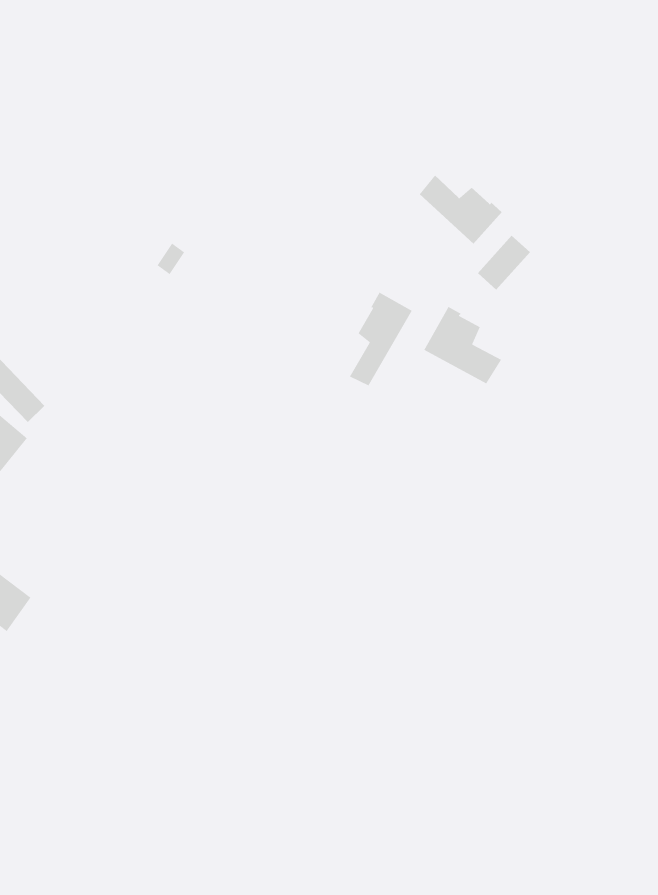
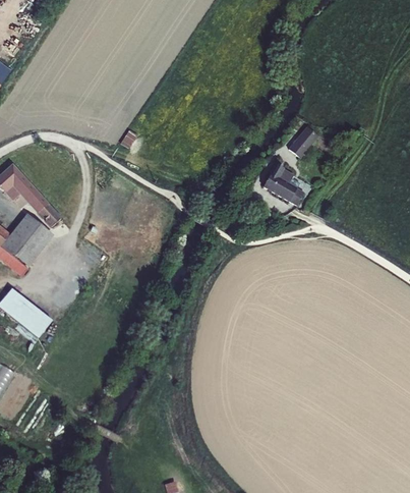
building: [419,175,503,244] -> none
building: [349,292,413,387] -> none

